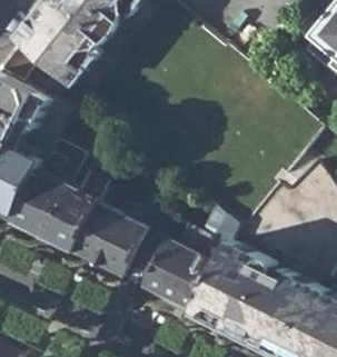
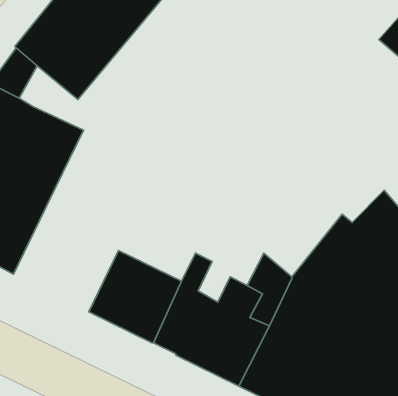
building: [13,155,99,254] -> none

